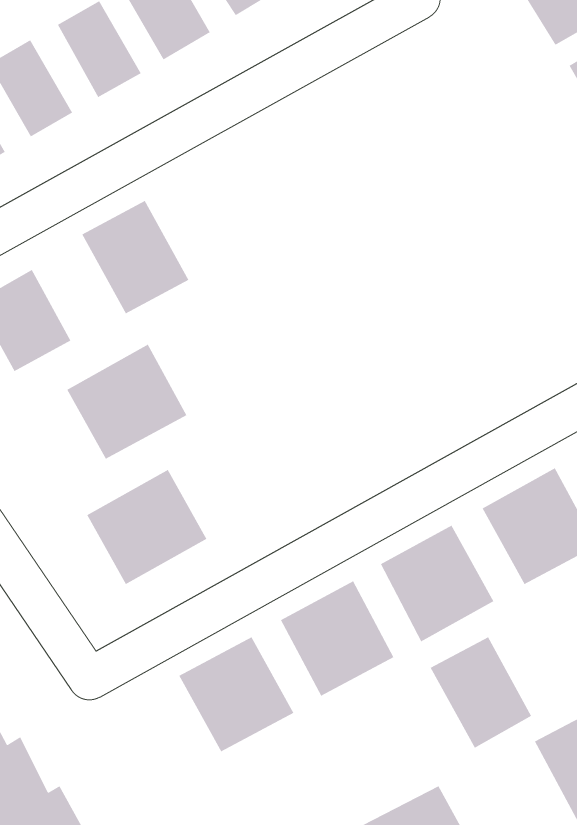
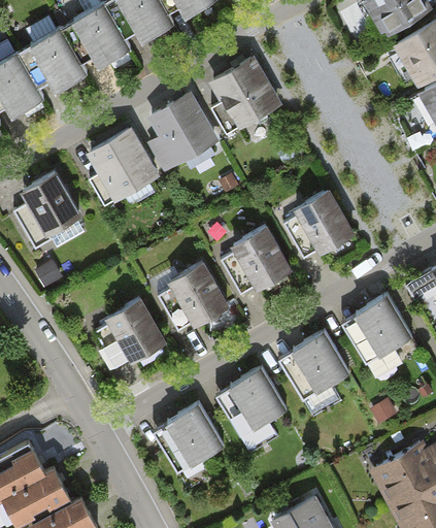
building: none -> [209,56,283,131]
building: none -> [145,91,216,170]
building: none -> [279,193,356,266]
building: [66,343,188,460] -> [156,262,232,335]
building: none -> [216,227,294,301]
building: [430,636,532,749] -> none

